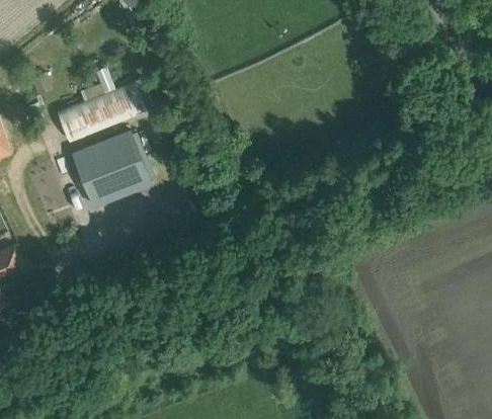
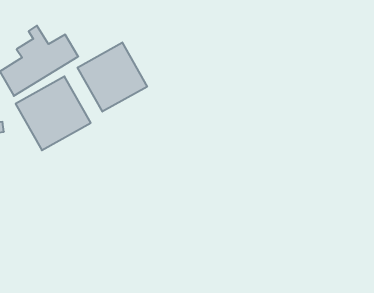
building: none -> [78,42,147,112]

